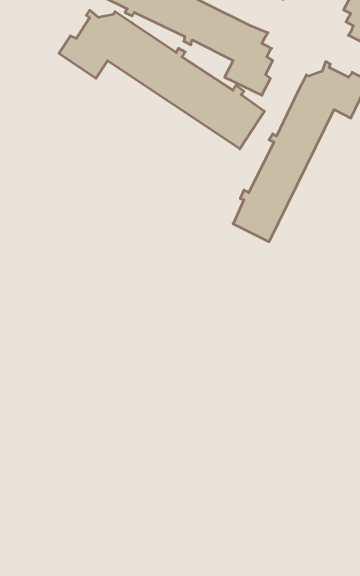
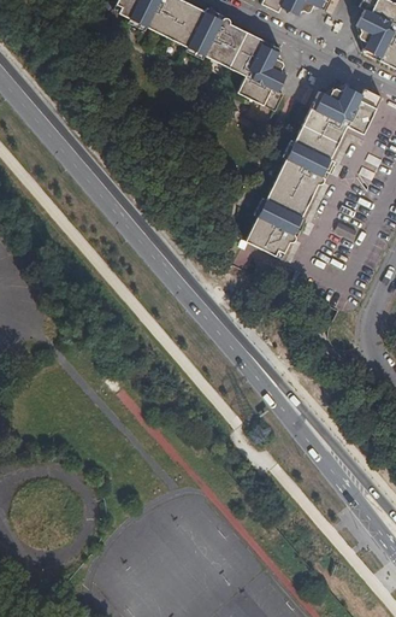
building: [59,10,264,149] -> none

